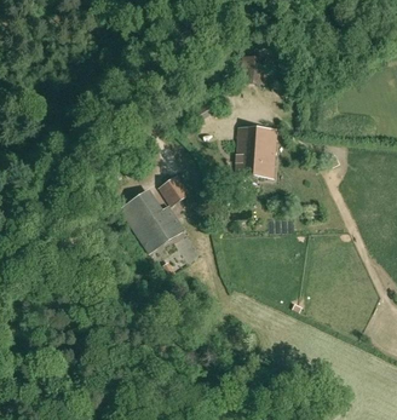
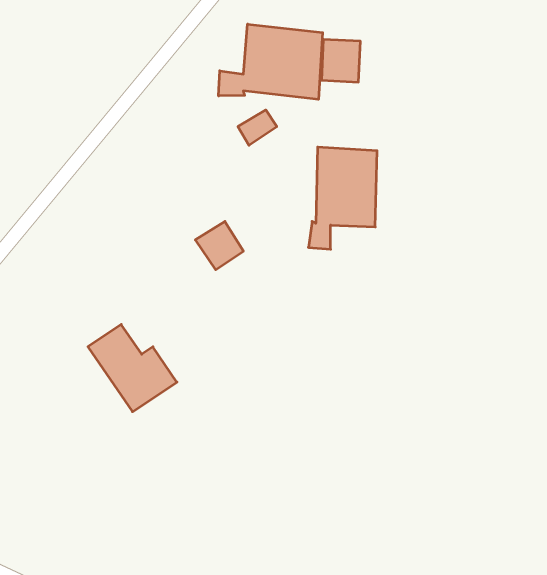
building: none -> [219,24,323,99]
building: [120,194,178,251] -> [88,324,177,412]

